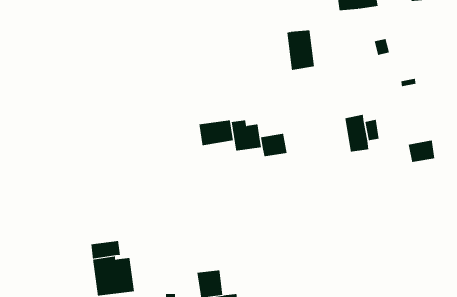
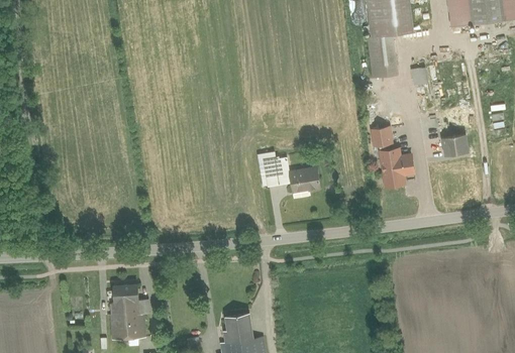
building: [286,30,315,70] -> [369,34,399,78]
building: none -> [370,126,393,145]
building: [199,119,234,146] -> none
building: [408,140,435,162] -> [440,132,470,156]

